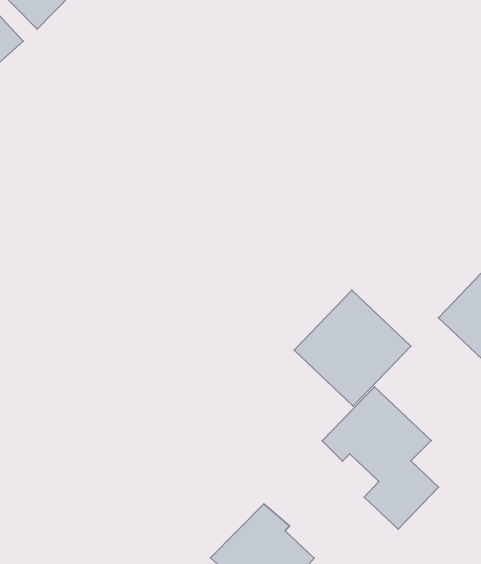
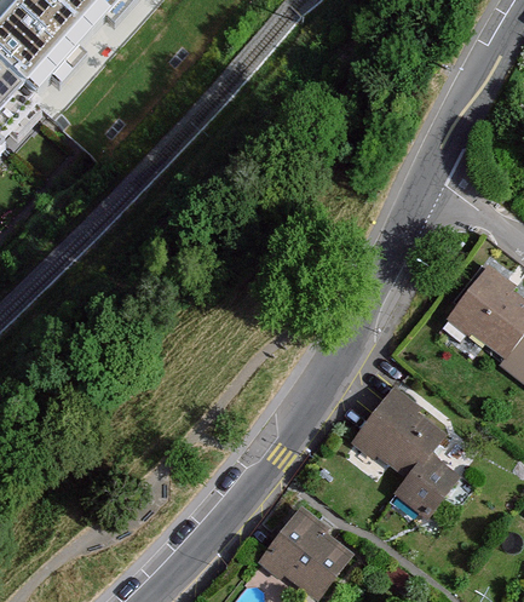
building: [294,290,411,406] -> none

